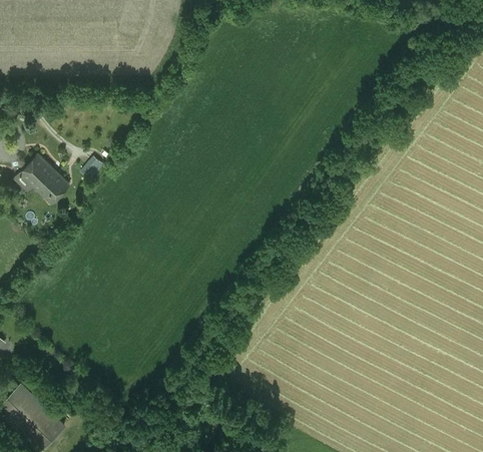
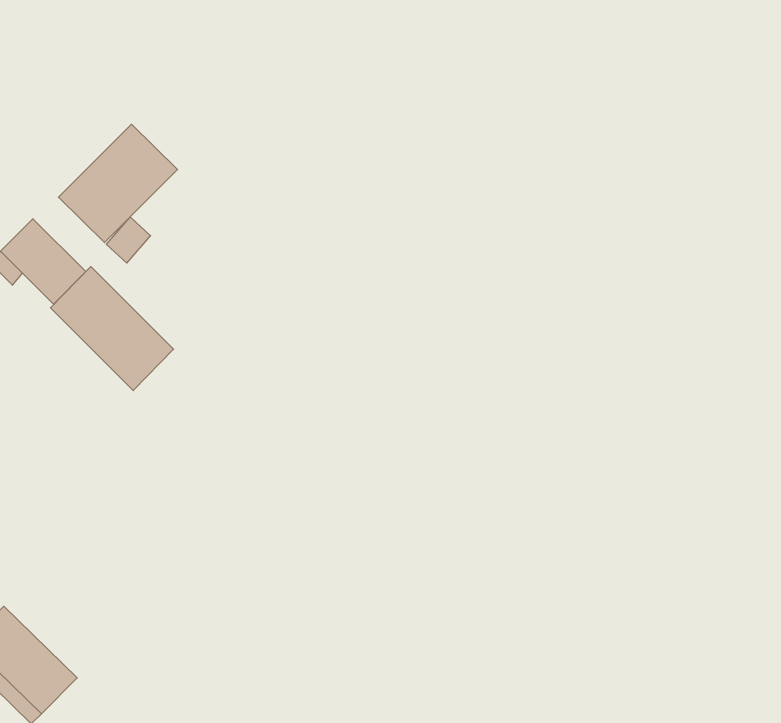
building: none -> [58,124,178,243]
building: none -> [50,267,174,391]

